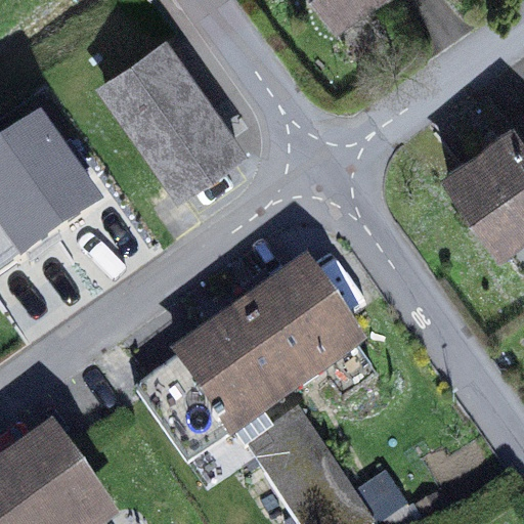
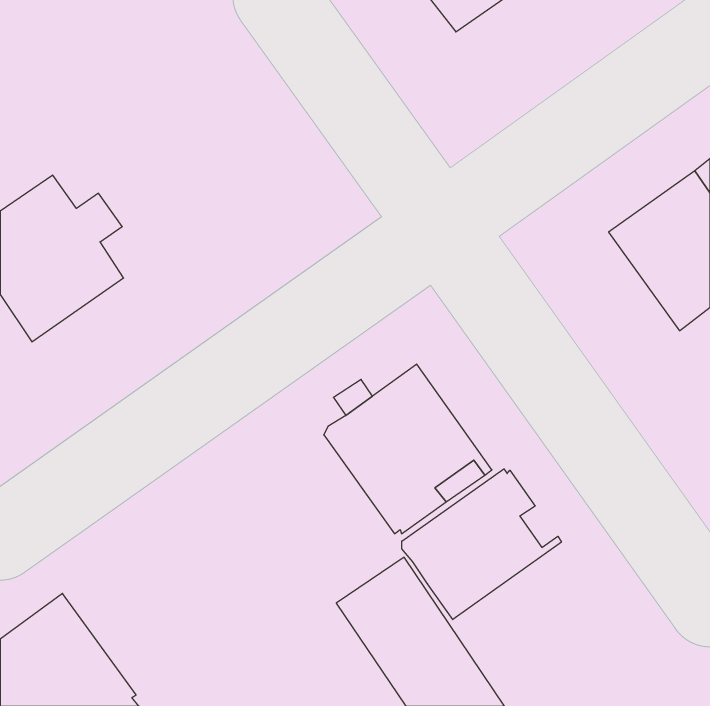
building: [105,42,237,188] -> none
building: [137,320,291,465] -> none
building: none -> [402,469,561,620]

